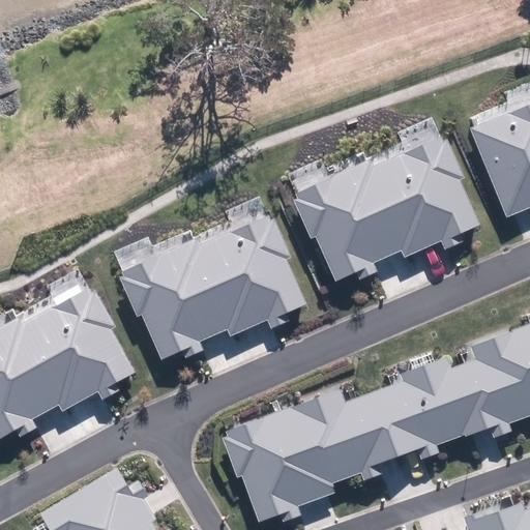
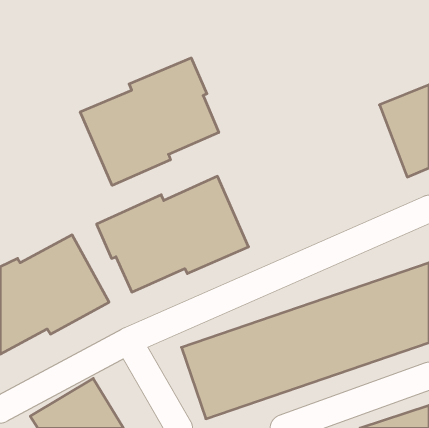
building: none -> [80,58,219,185]
building: [291,138,478,279] -> none

